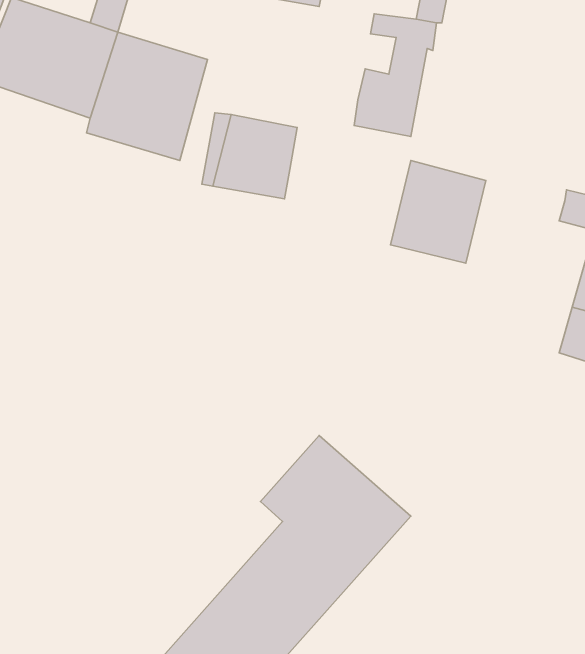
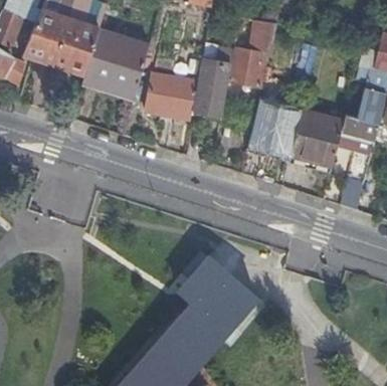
building: none -> [193,60,230,110]
building: none -> [289,111,344,167]

